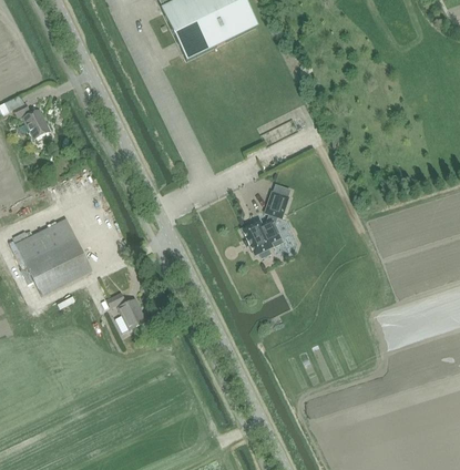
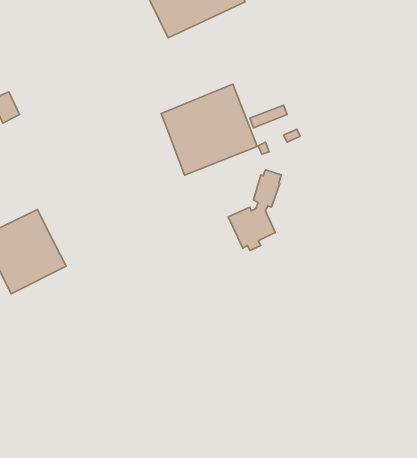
building: none -> [161,84,257,175]
building: [106,292,145,328] -> none

